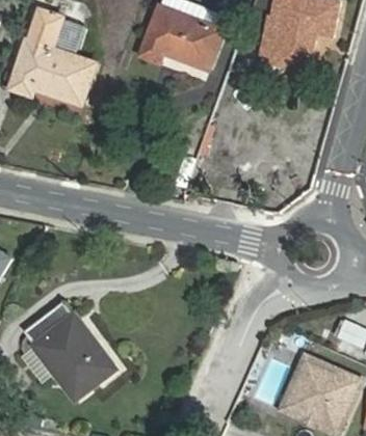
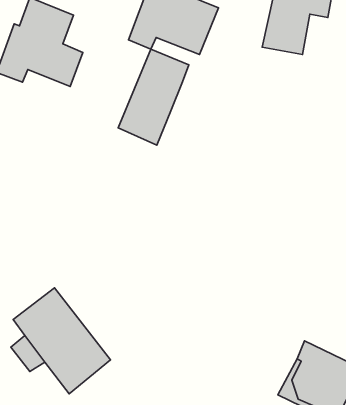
building: none -> [118,49,189,145]

